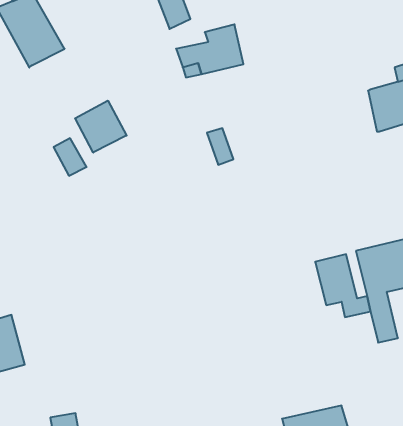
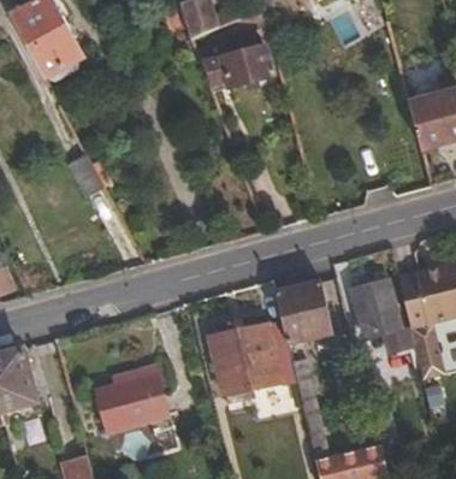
building: [75,101,127,153] -> none
building: none -> [274,283,331,344]
building: none -> [208,321,279,392]
building: none -> [114,372,171,422]

